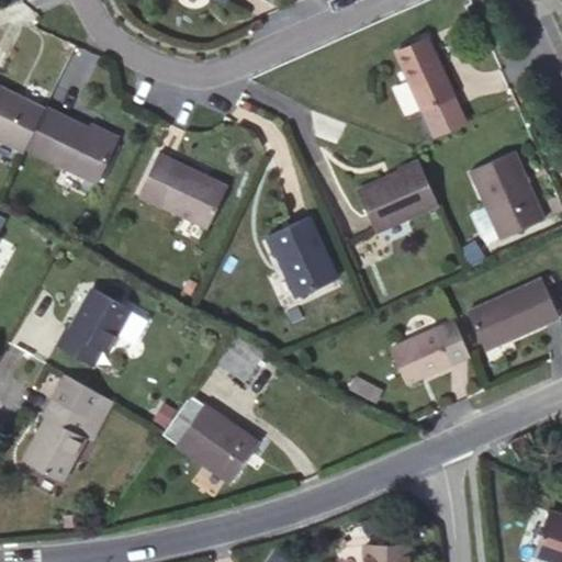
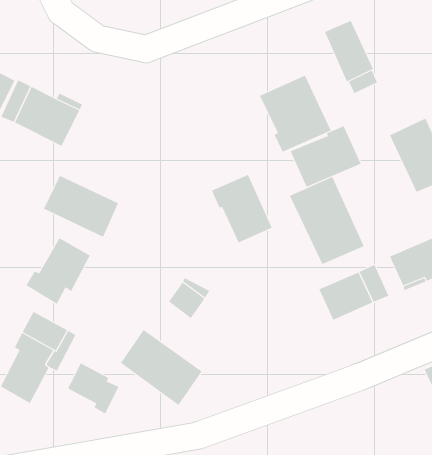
building: none -> [259,75,331,152]
building: [139,153,226,224] -> [43,175,119,238]
building: none -> [289,176,364,265]
building: none -> [68,363,119,414]

